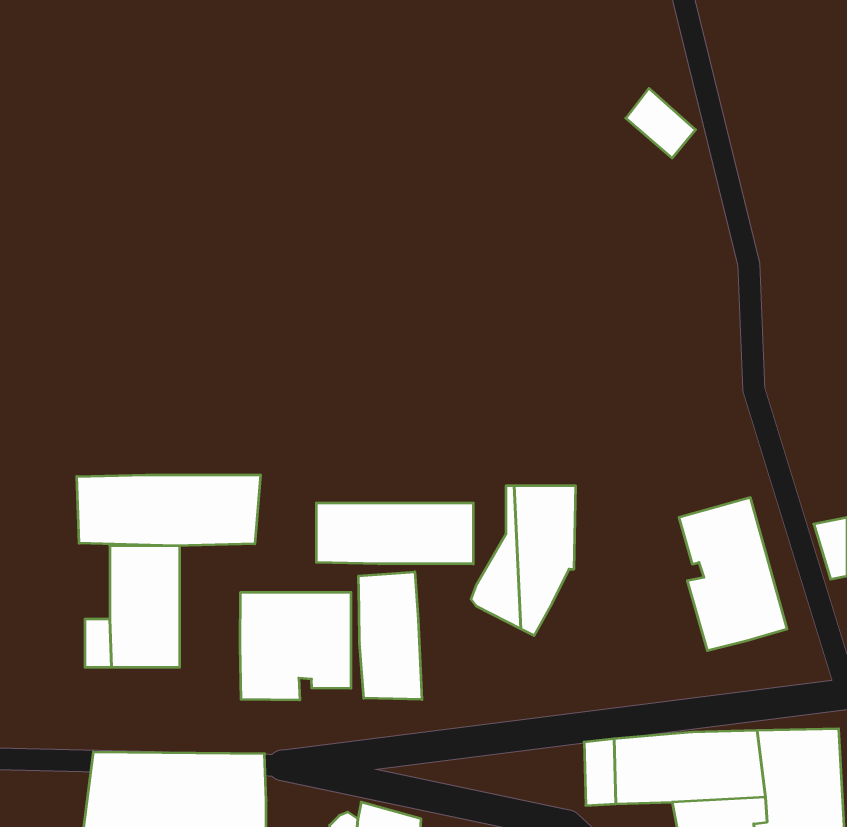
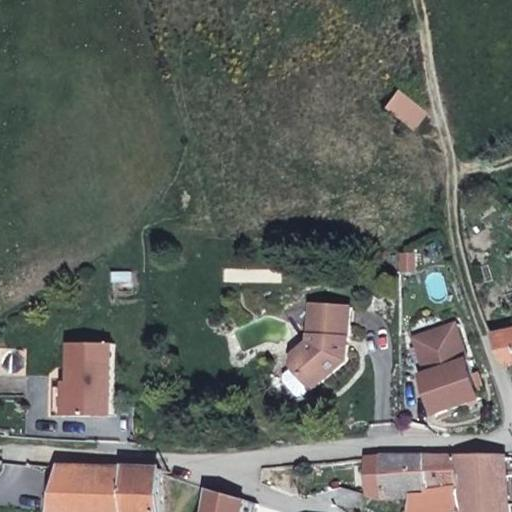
building: [77,475,261,546] -> none
building: [316,503,473,564] -> none
building: [359,572,422,700] -> none
building: [240,592,351,700] -> none

